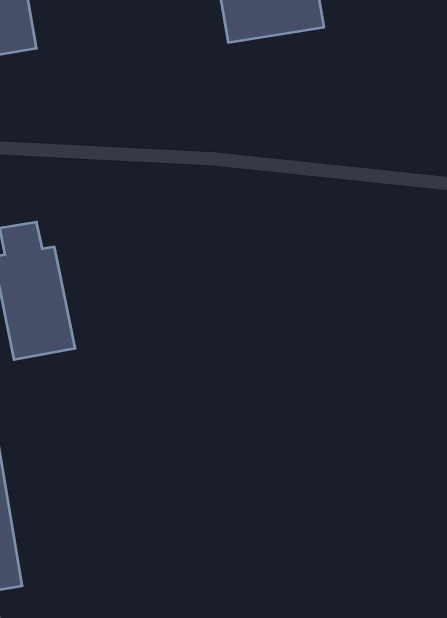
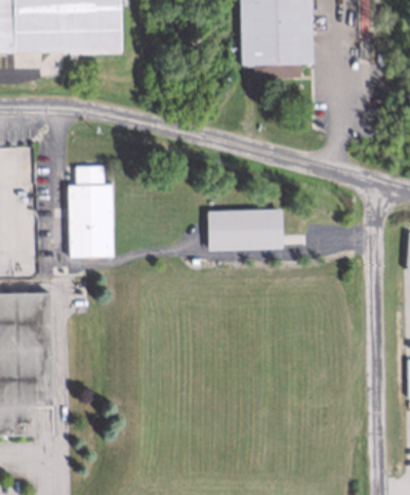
building: none -> [207,205,282,245]

